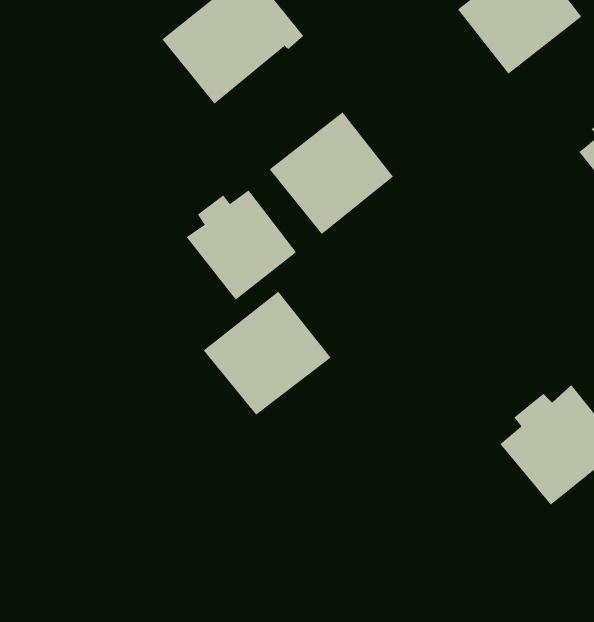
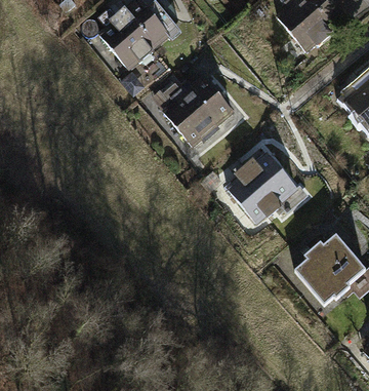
building: [186,189,297,301] -> none
building: [203,291,331,416] -> [227,153,301,226]

